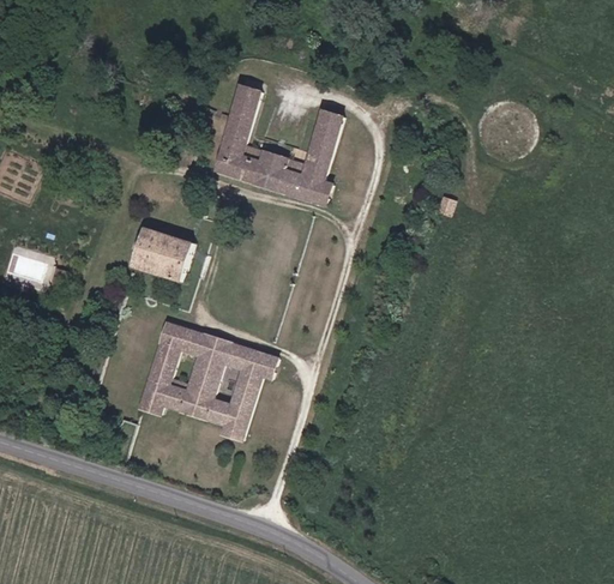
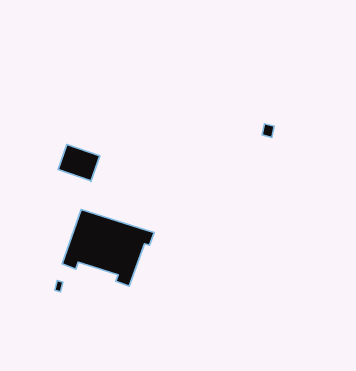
building: [212,84,344,205] -> none

